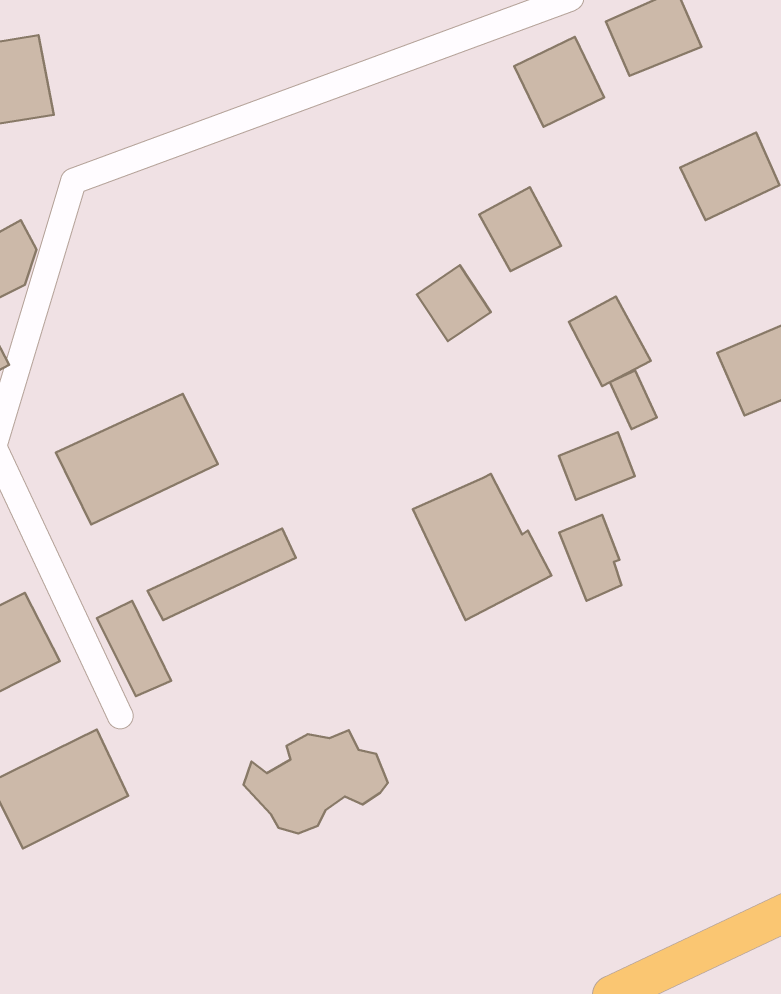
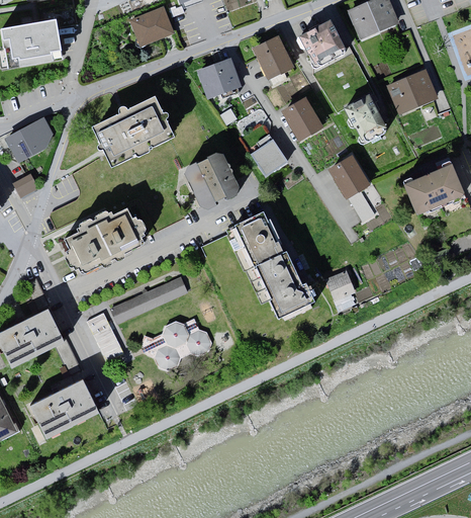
building: none -> [129,8,174,48]
building: none -> [252,37,292,79]
building: none -> [196,57,242,98]
building: none -> [91,91,177,167]
building: none -> [342,96,386,146]
building: none -> [182,150,242,206]
building: none -> [230,210,284,264]
building: [559,432,635,500] -> none
building: [244,730,388,834] -> [138,317,213,370]

